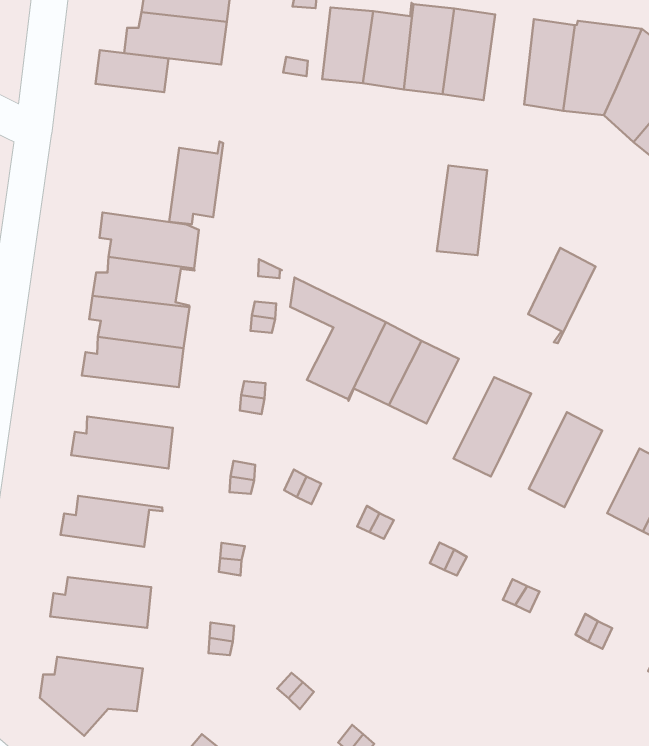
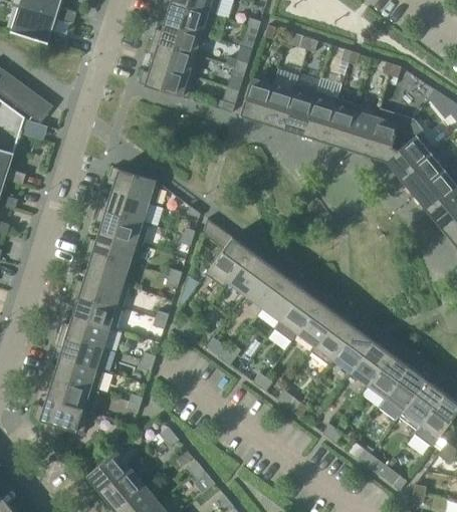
building: [95,50,169,92] -> none
building: [169,142,223,224] -> none
building: [437,166,487,255] -> [323,98,358,149]
building: [528,248,596,343] -> [298,302,338,352]
building: none -> [263,277,303,321]
building: none -> [81,251,136,287]
building: none -> [328,328,374,372]
building: none -> [68,292,123,328]
building: none -> [55,333,103,369]
building: none -> [42,375,98,412]

